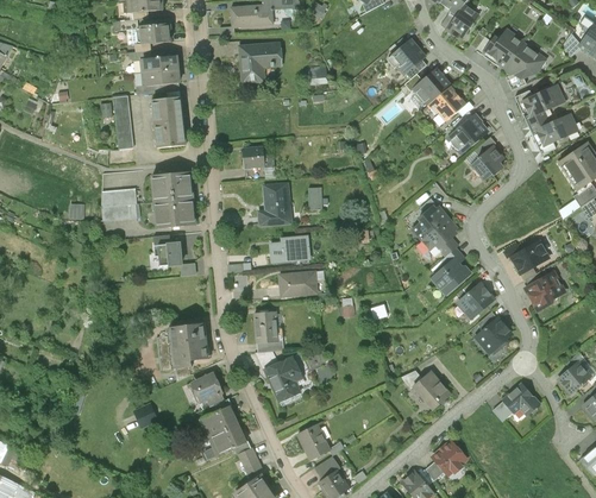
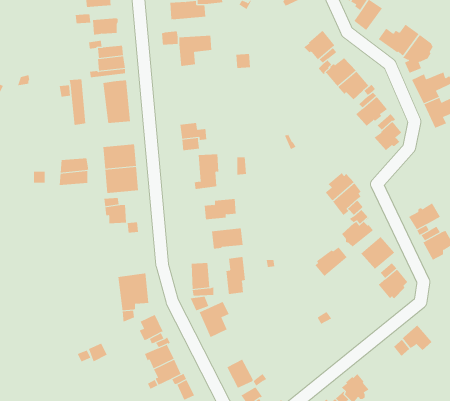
building: none -> [315,247,348,277]
building: none -> [226,256,245,295]
building: [414,371,450,408] -> none

